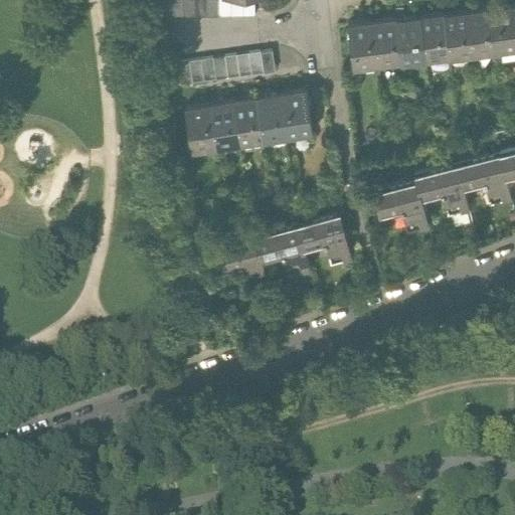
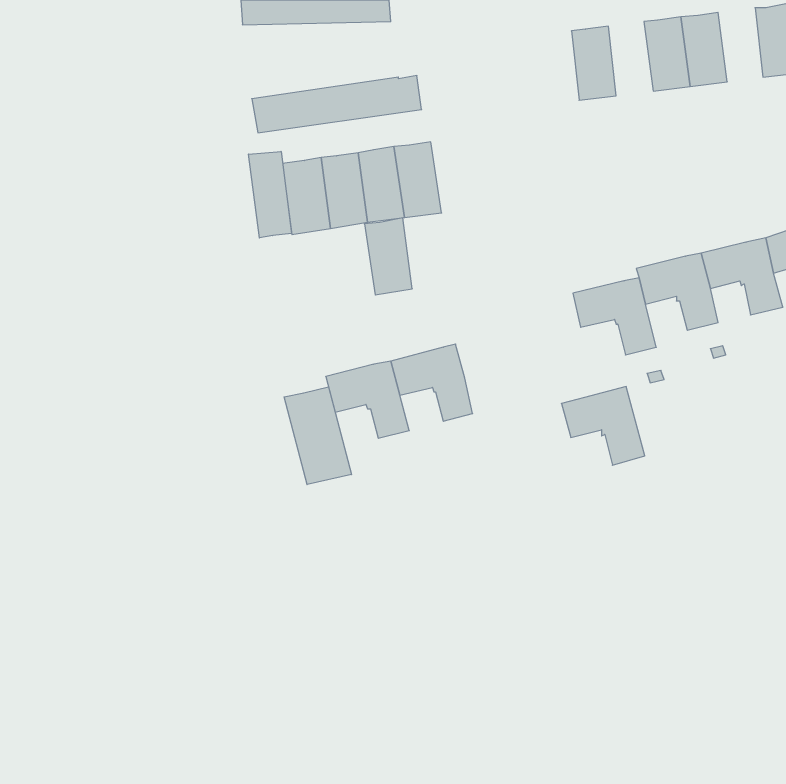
building: [470,8,499,56] -> none
building: [398,17,427,65] -> none
building: [349,23,379,71] -> none
building: [283,92,314,142] -> [364,218,412,295]
building: none -> [249,151,292,238]
building: [299,216,353,268] -> [561,387,645,465]
building: none -> [284,387,351,485]

